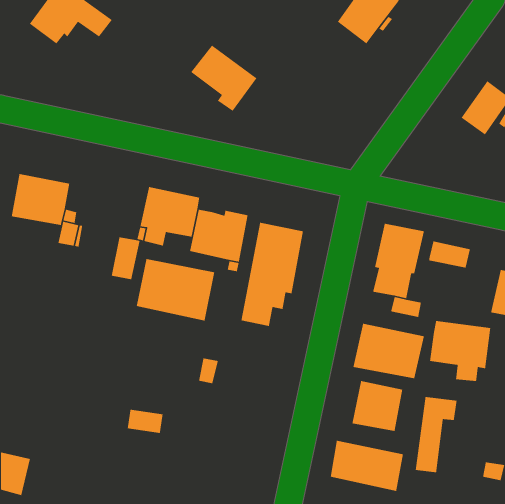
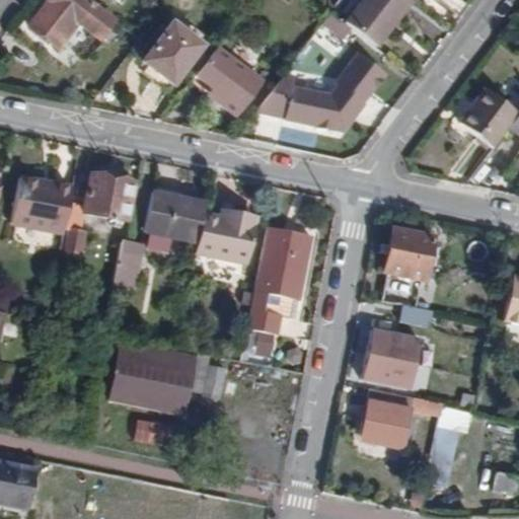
building: none -> [144,19,210,84]
building: none -> [253,51,385,131]
building: none -> [84,172,134,220]
building: [428,240,471,269] -> none
building: [136,258,215,321] -> [113,350,194,415]
building: [429,320,491,382] -> none
building: [330,440,404,492] -> none

